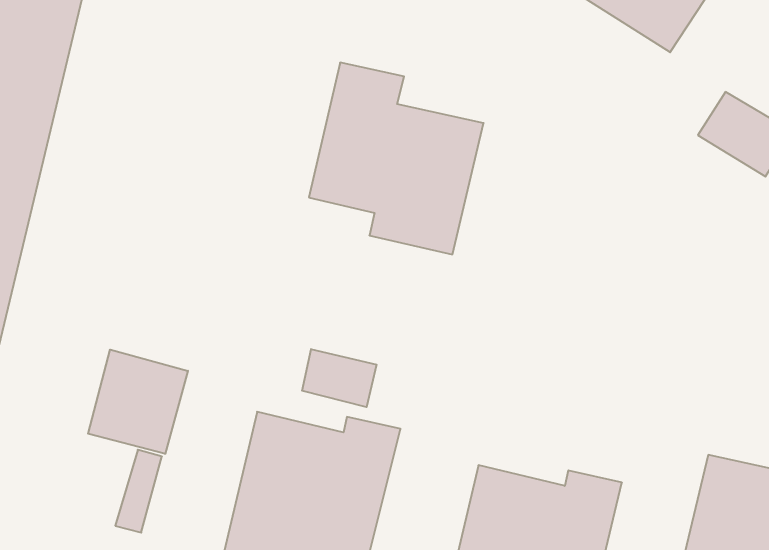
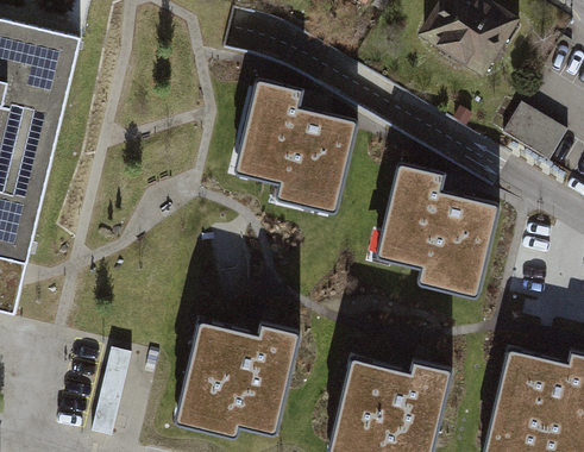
building: none -> [378,164,498,297]
building: [302,349,377,407] -> none
building: [88,350,188,454] -> none

